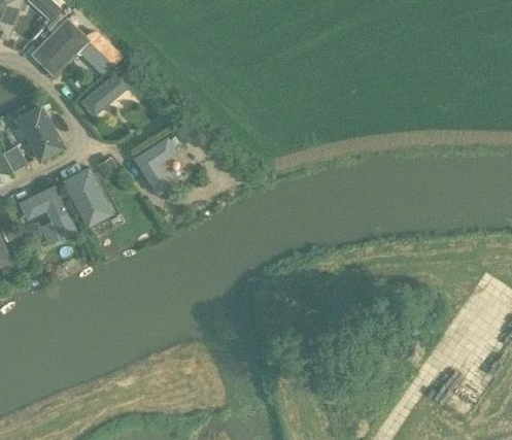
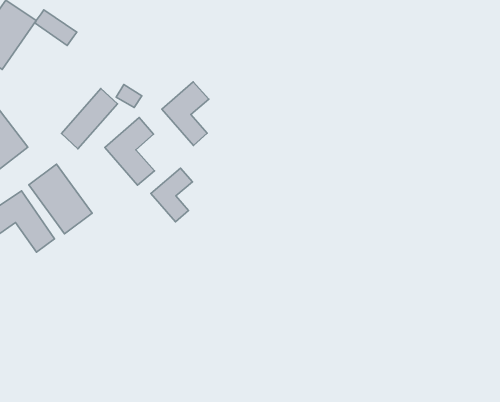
building: [80,67,133,116] -> [61,88,117,149]
building: none -> [162,82,209,146]
building: none -> [151,168,192,222]

